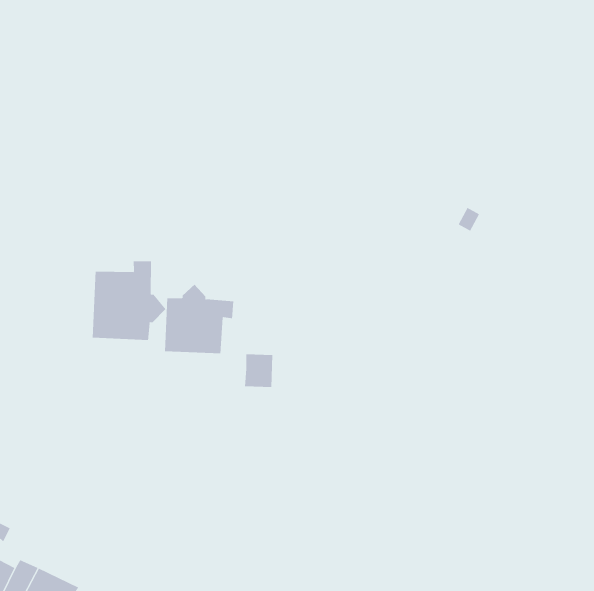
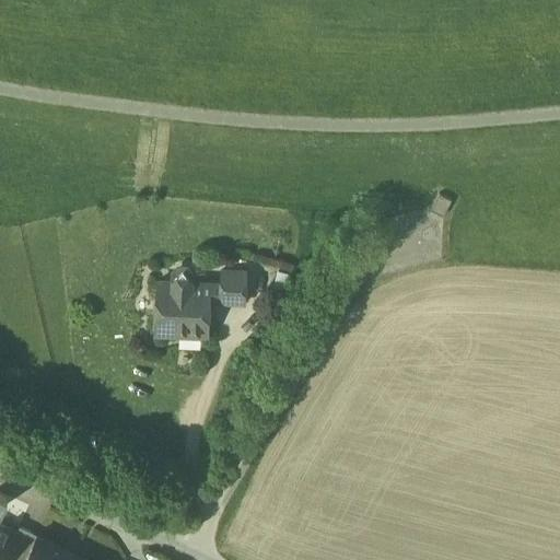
building: [92,260,166,341] -> none
building: [244,354,273,387] -> [219,272,246,304]

